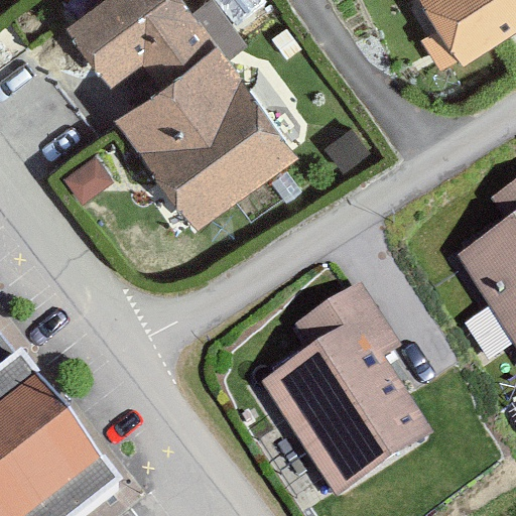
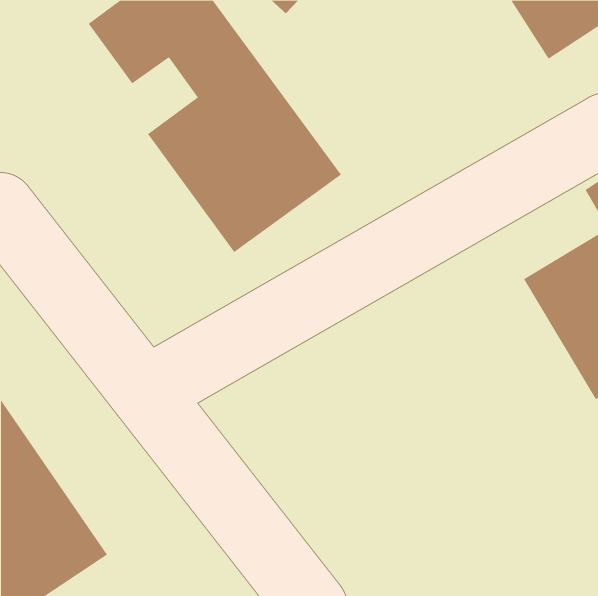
building: [255,281,403,478] -> none

